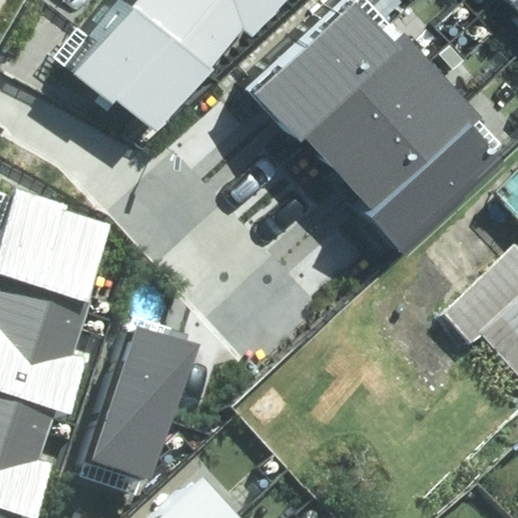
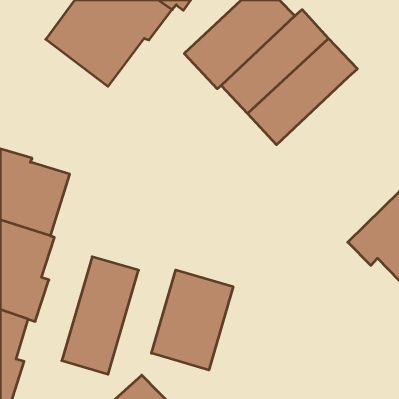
building: [356,109,495,245] -> none
building: none -> [151,270,233,370]

